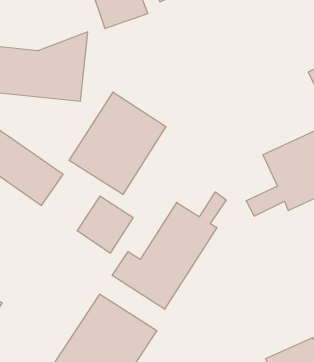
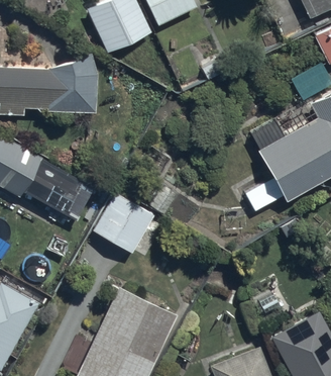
building: [69,92,166,195] -> none
building: [112,192,226,309] -> none

